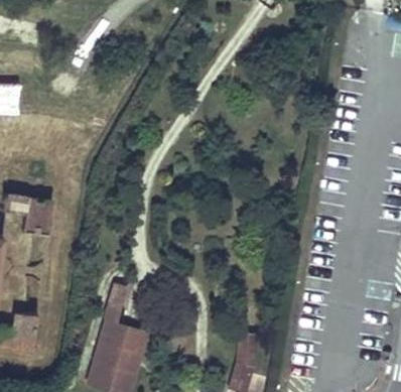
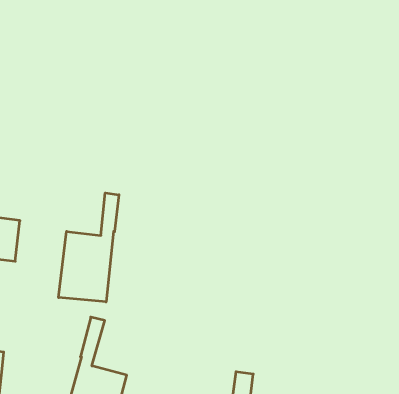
building: none -> [59,193,119,302]

